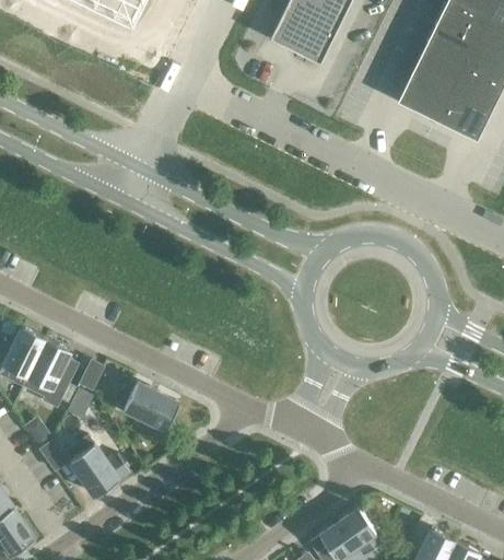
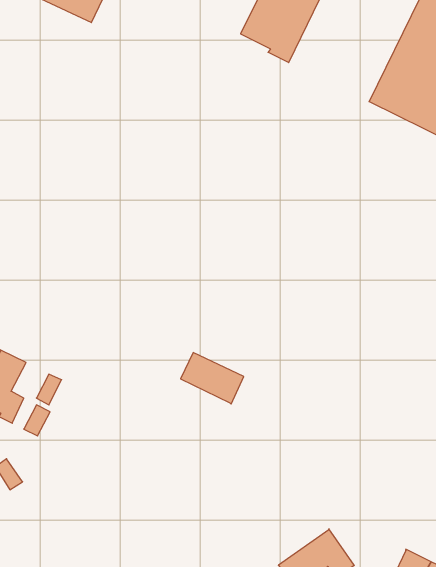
building: [119,380,179,429] -> [181,353,244,404]
building: [65,435,129,495] -> none

